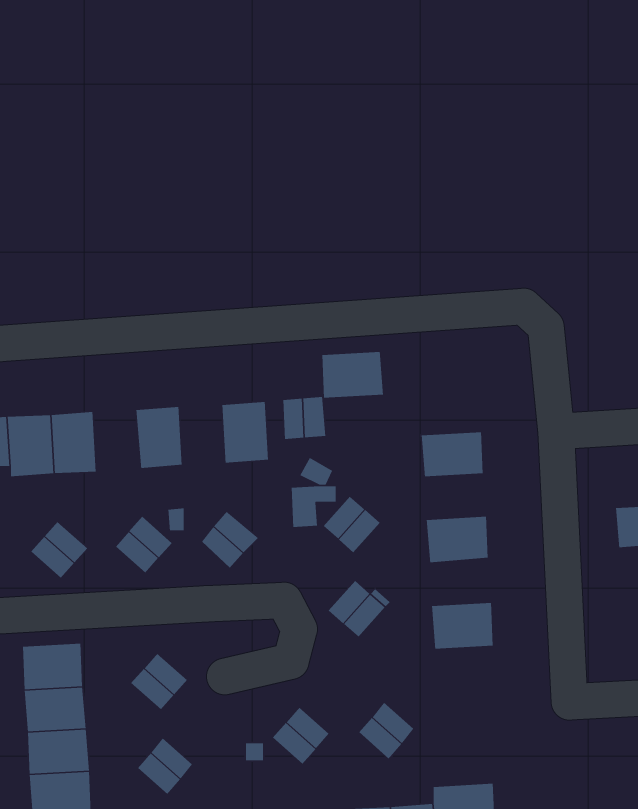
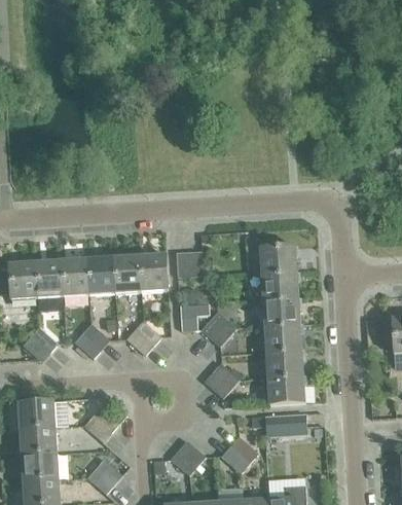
building: [321,351,384,399] -> [259,245,297,274]
building: none -> [113,255,141,292]
building: none -> [61,258,89,296]
building: none -> [262,297,300,325]
building: none -> [265,349,303,377]
building: none -> [265,413,307,436]

